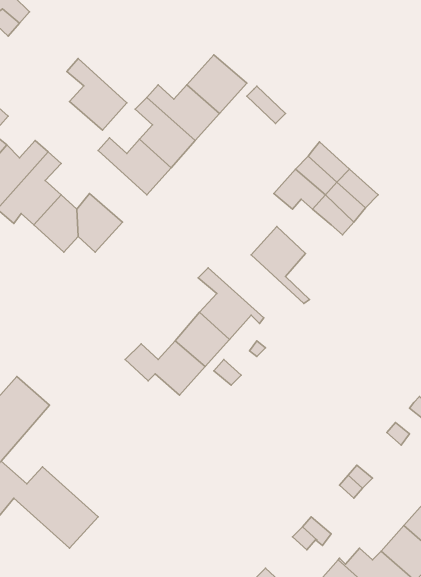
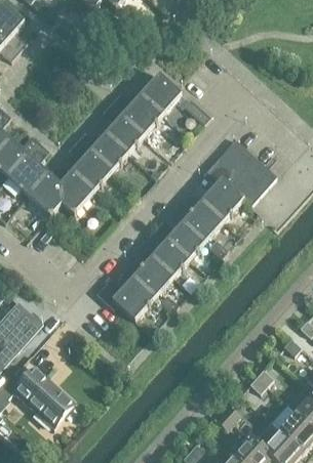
building: [67,59,127,130] -> [67,142,110,194]
building: none -> [203,177,242,216]
building: none -> [154,217,223,262]

